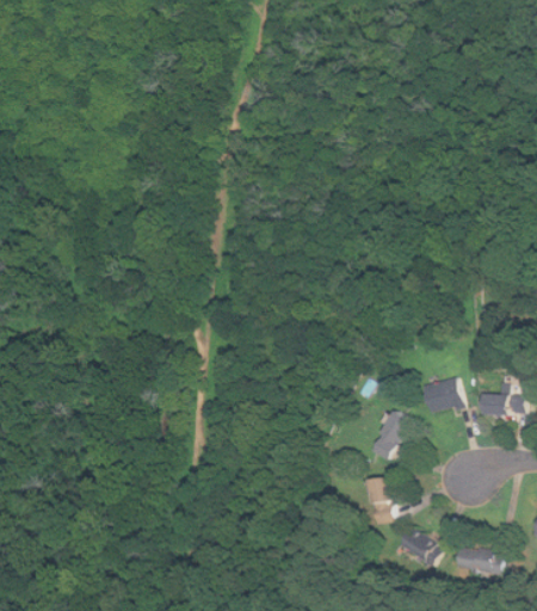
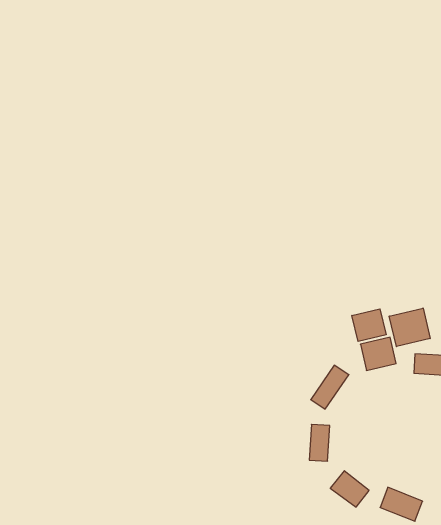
building: none -> [389,308,430,347]
building: none -> [352,309,386,341]

